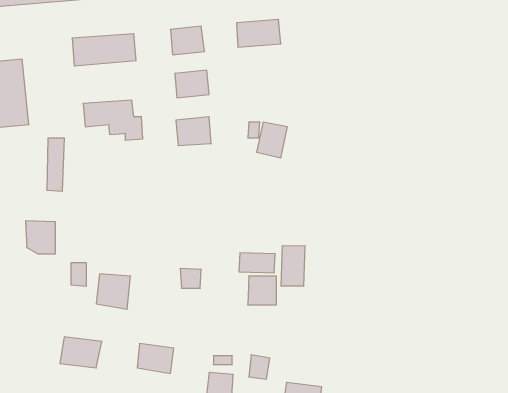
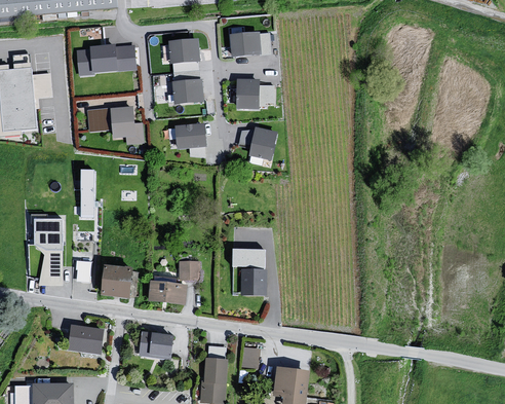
building: none -> [236,77,260,108]
building: [47,138,65,191] -> [79,171,95,220]
building: [281,246,305,286] -> none
building: none -> [147,281,186,304]

